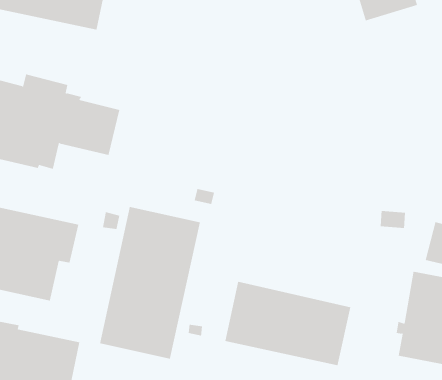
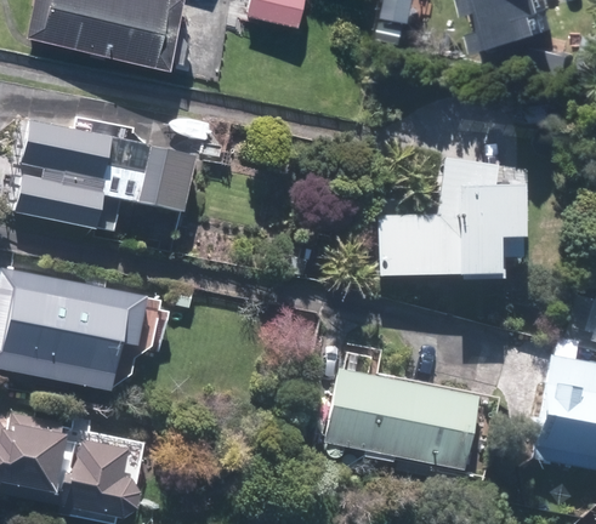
building: none -> [384,156,533,274]
building: [99,206,200,359] -> none

